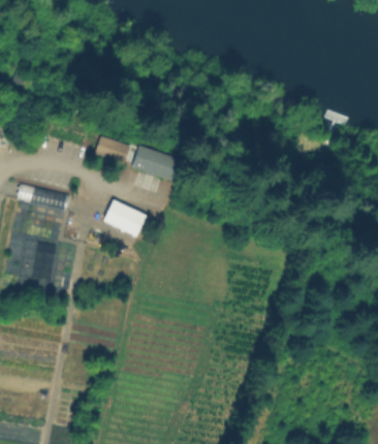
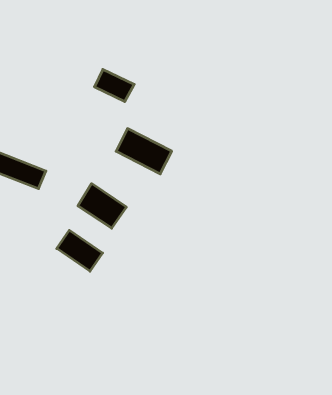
building: [95,136,130,162] -> [94,69,134,102]
building: none -> [57,230,103,271]

